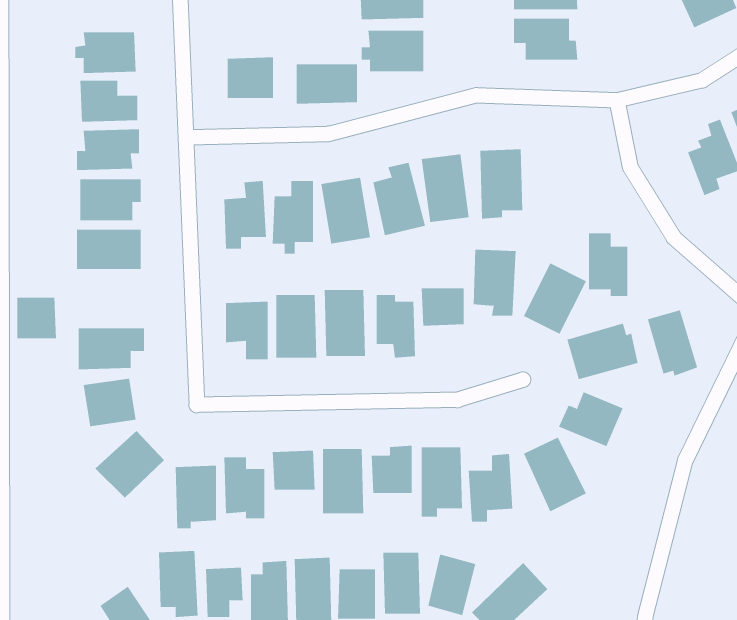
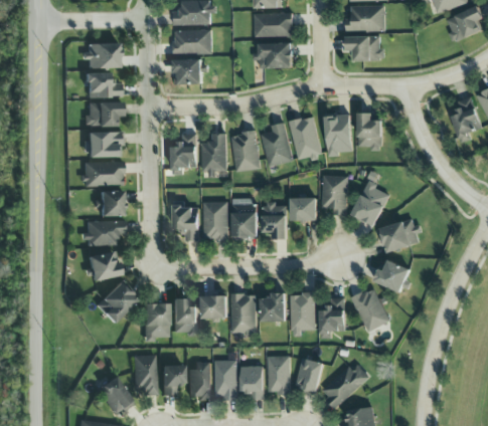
building: [296,64,358,104] -> [174,29,211,53]
building: [588,233,628,296] -> [358,112,382,150]
building: [17,297,57,339] -> [100,191,124,216]
building: [647,309,698,377] -> none

